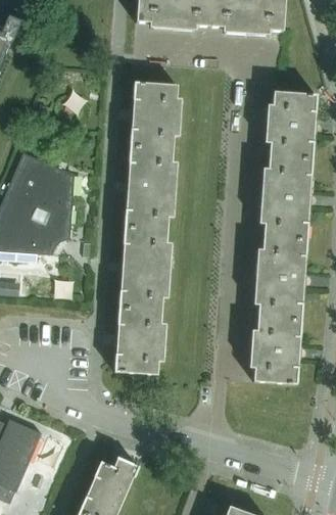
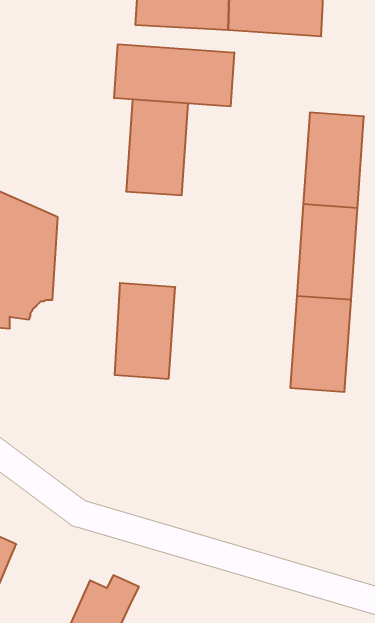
building: none -> [114,44,234,106]
building: [124,154,173,230] -> none
building: [114,299,162,375] -> none
building: [253,310,301,384] -> none

